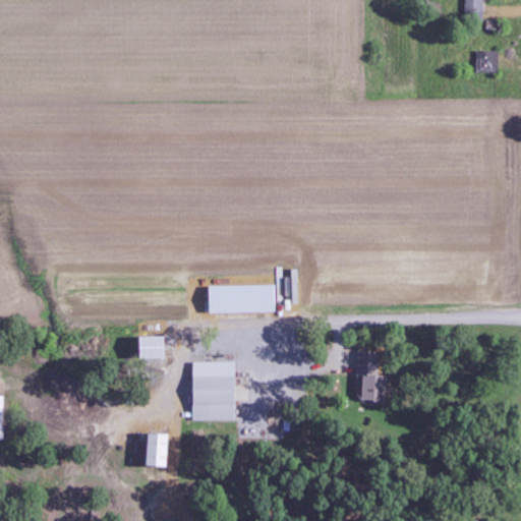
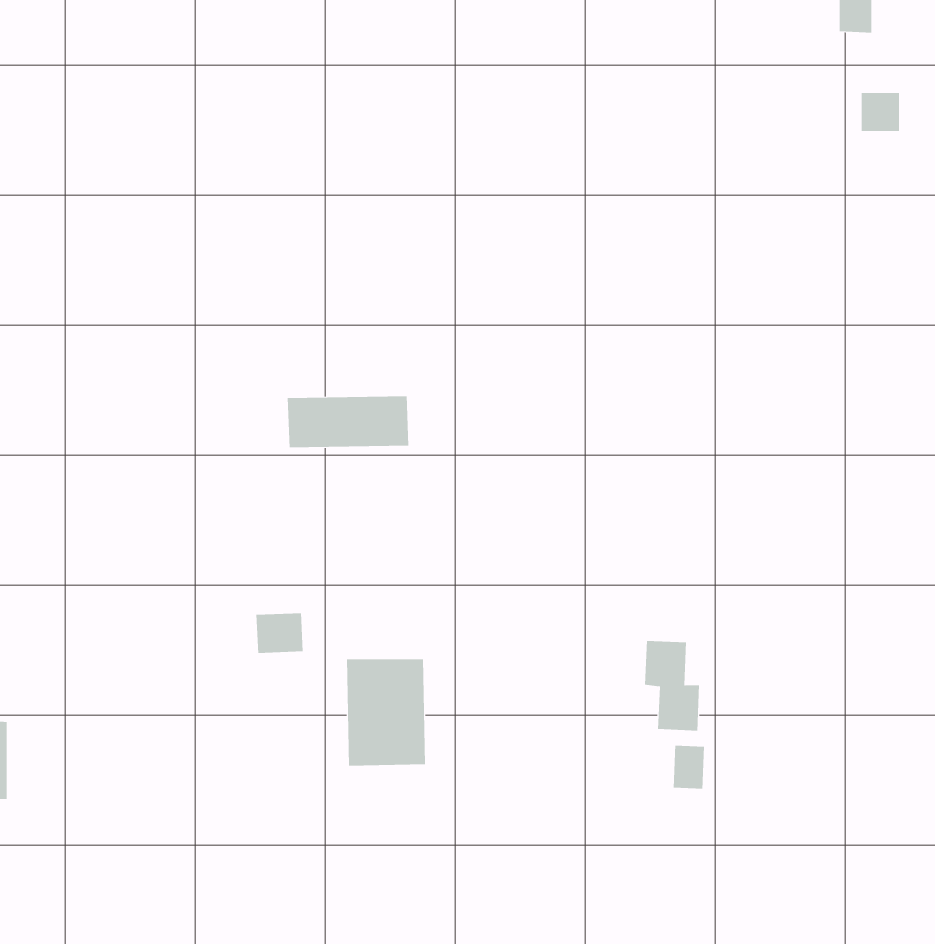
building: [208,285,275,313] -> [287,396,409,448]
building: none -> [673,745,705,789]
building: [146,435,169,468] -> none

